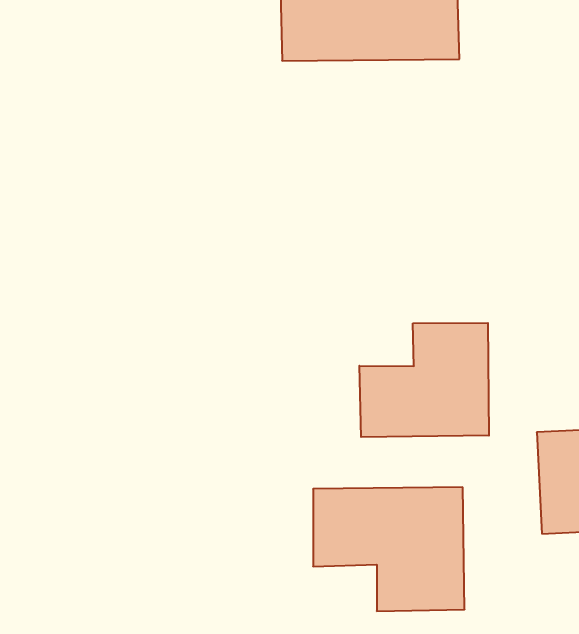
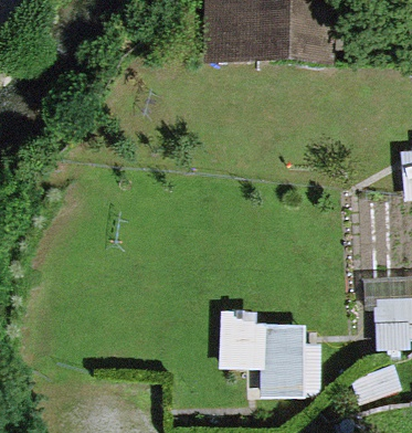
building: [359,323,489,437] -> none

